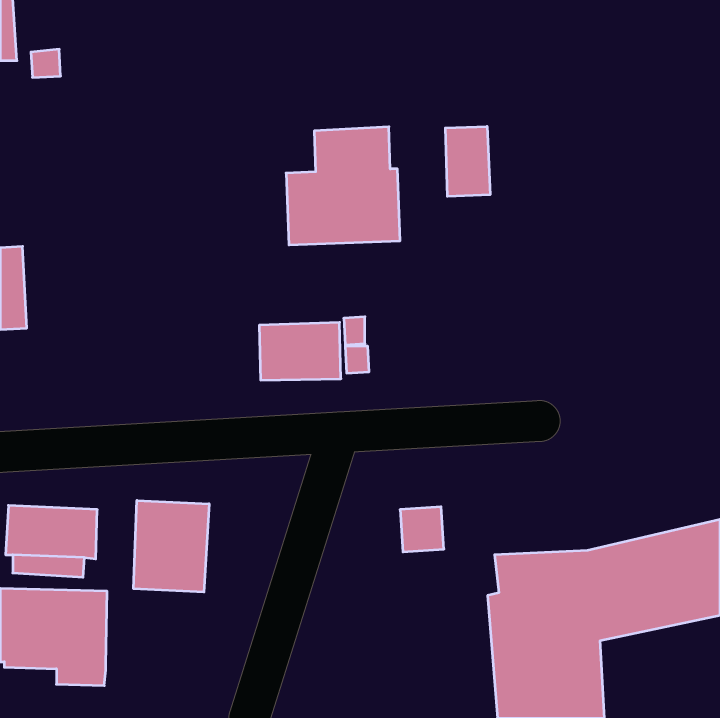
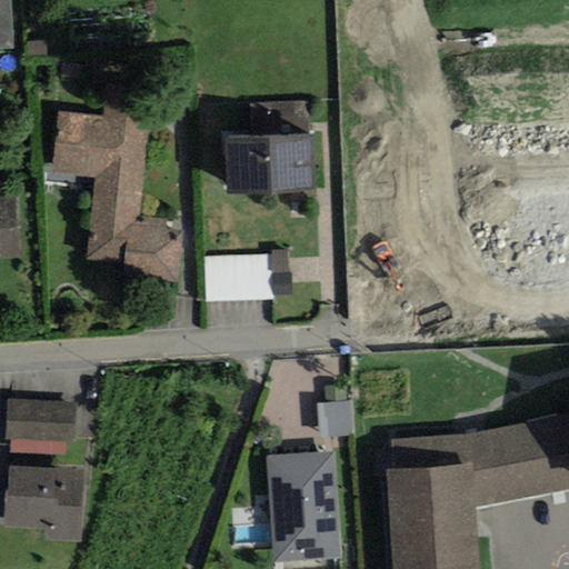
building: [445,126,490,196] -> none
building: none -> [52,101,183,283]
building: [134,500,209,592] -> none
building: none -> [267,451,340,561]

